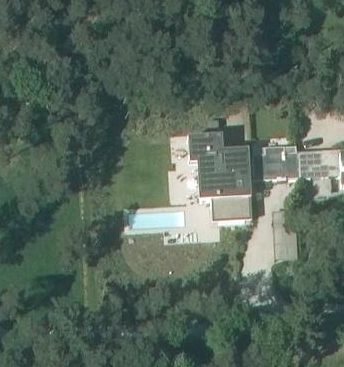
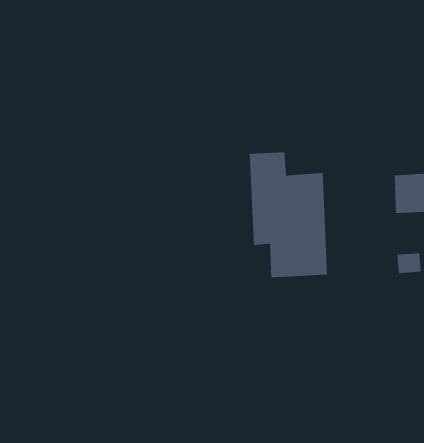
building: [264,150,295,178] -> none

